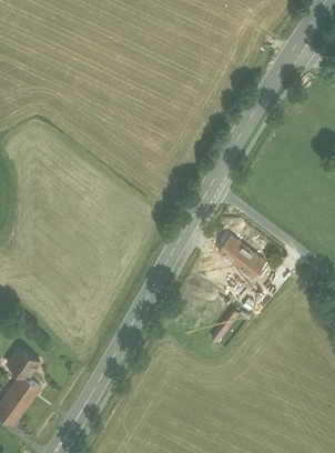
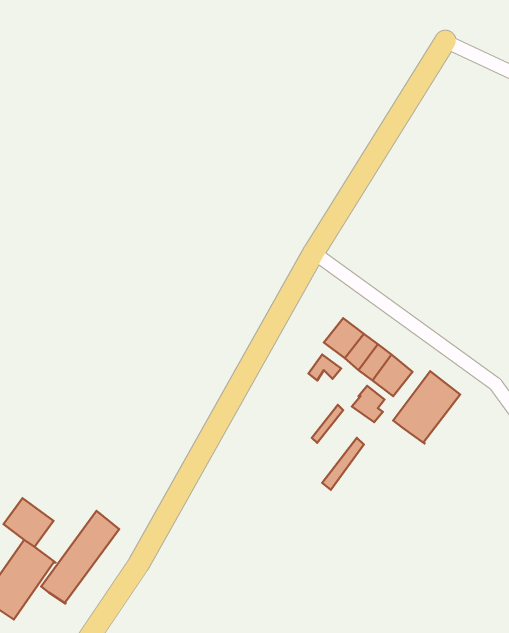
building: none -> [393,371,460,444]
building: none -> [41,511,119,604]

